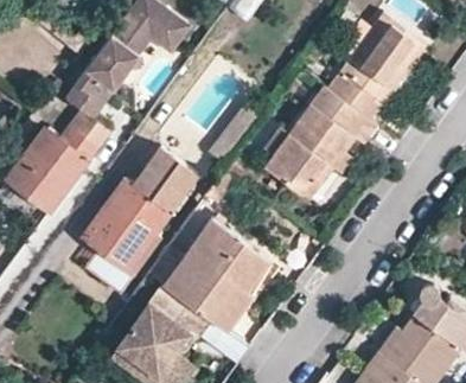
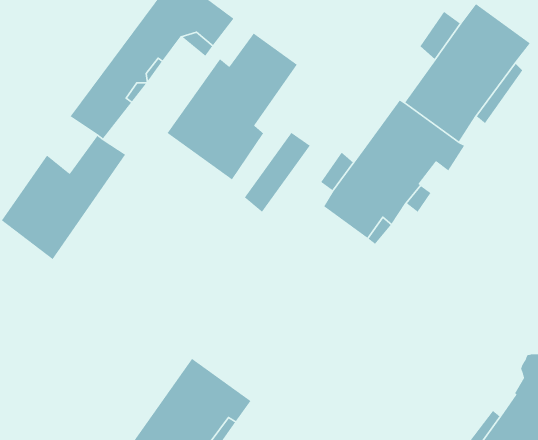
building: [85,159,187,274] -> [166,32,298,181]
building: [159,223,263,334] -> none

